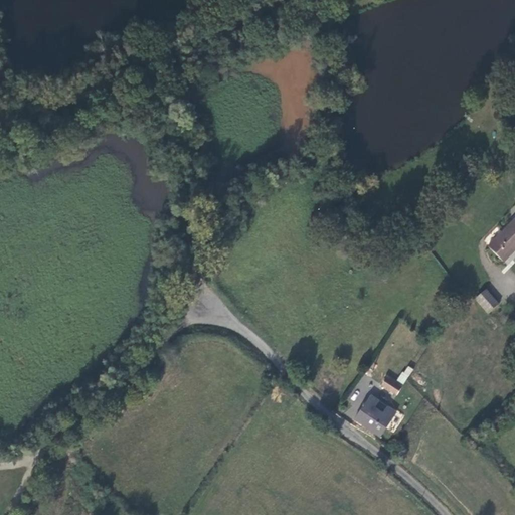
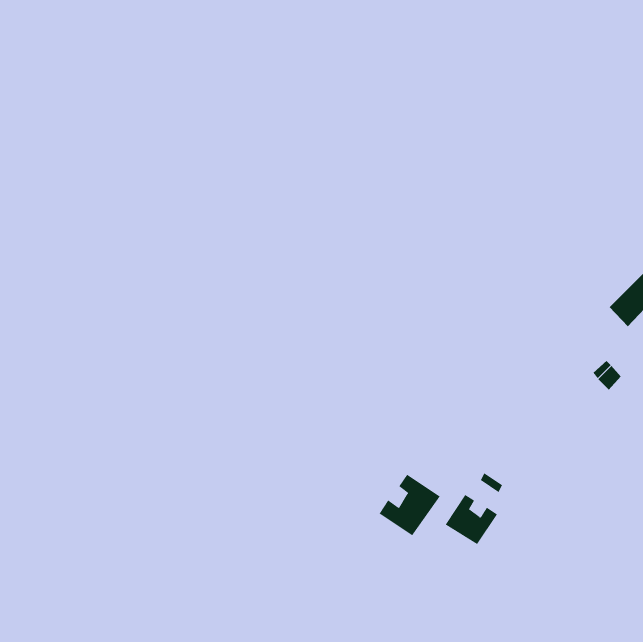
building: none -> [379,474,440,536]

